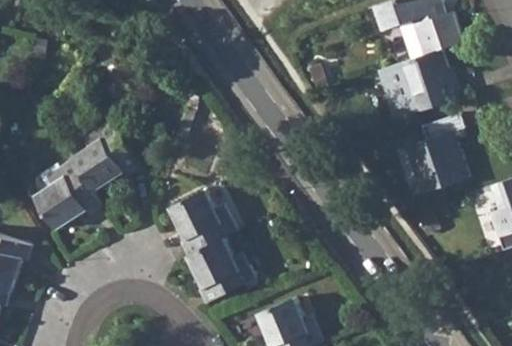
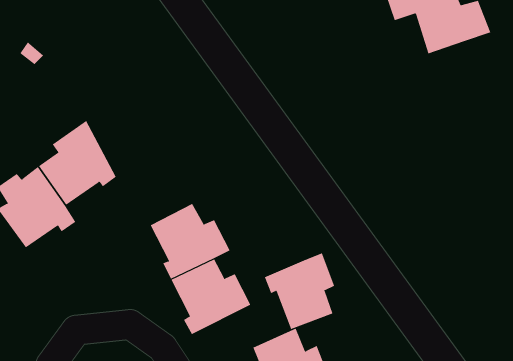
building: [383,50,452,115] -> none
building: [404,115,467,194] -> none
building: none -> [264,253,335,330]

